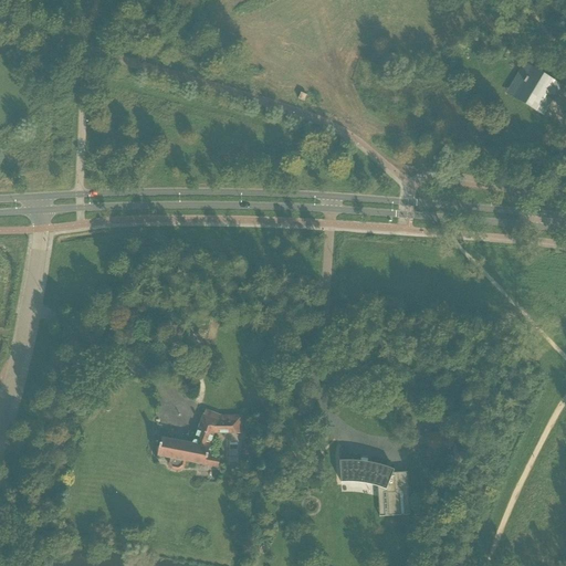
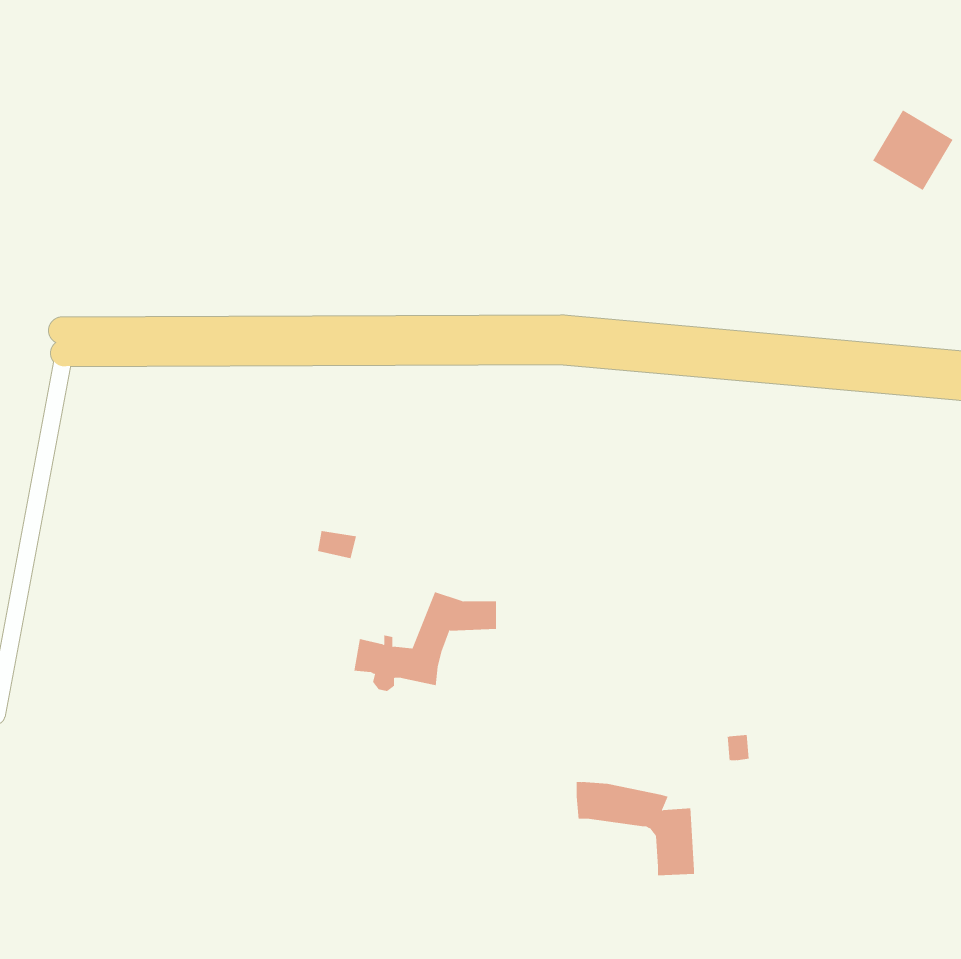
building: [156,407,240,465] -> [353,591,497,691]

